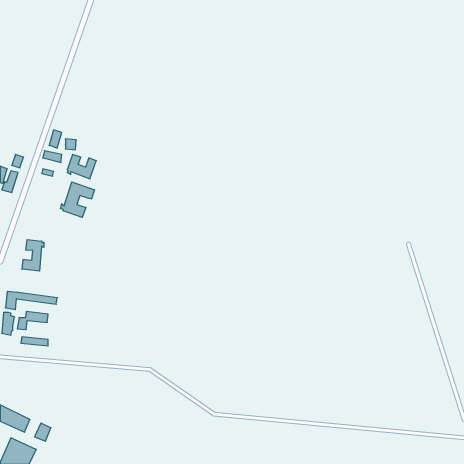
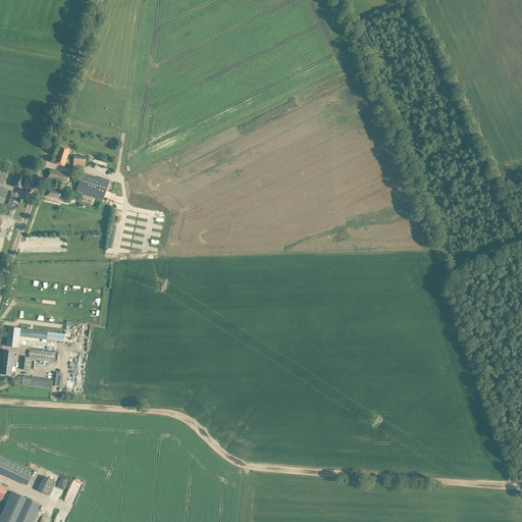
building: [61,182,94,217] -> none
building: [22,240,44,271] -> none

